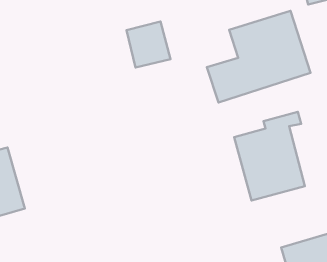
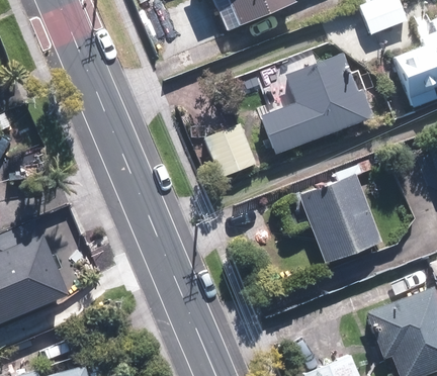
building: [127,22,170,68] -> [204,121,257,176]

